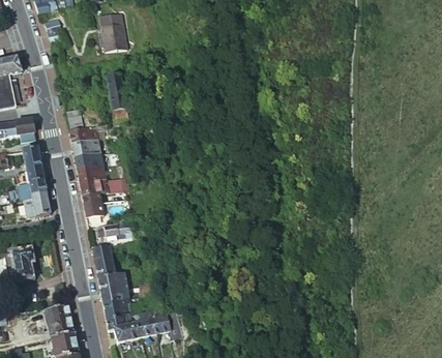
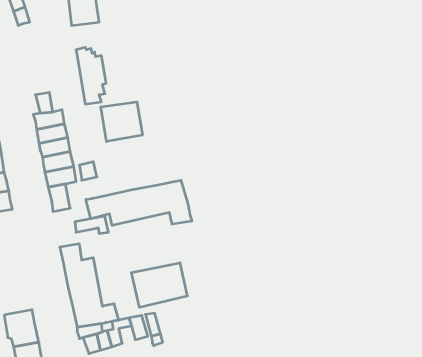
building: none -> [101,102,142,142]
building: none -> [86,180,192,225]
building: none -> [131,263,187,307]

